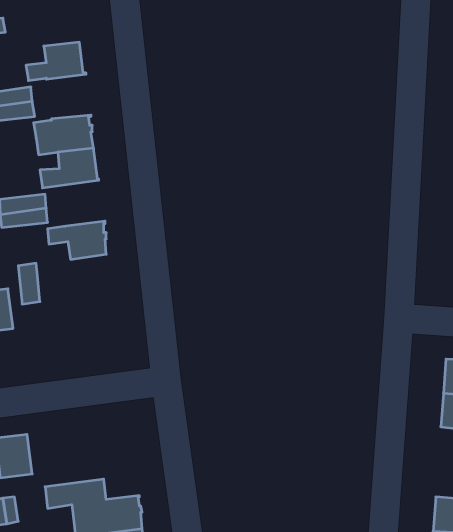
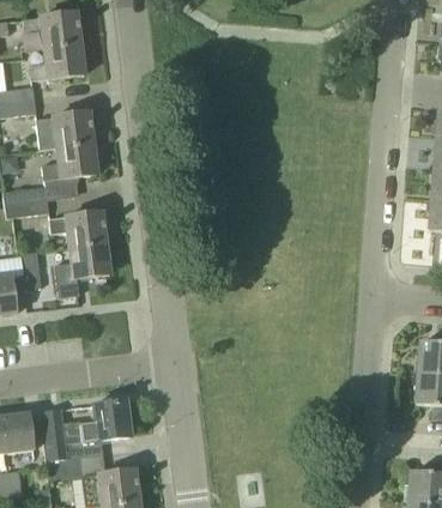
building: none -> [23,12,78,47]
building: none -> [53,242,109,297]
building: none -> [38,399,129,460]

